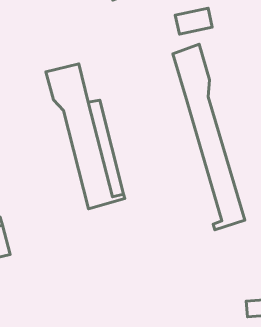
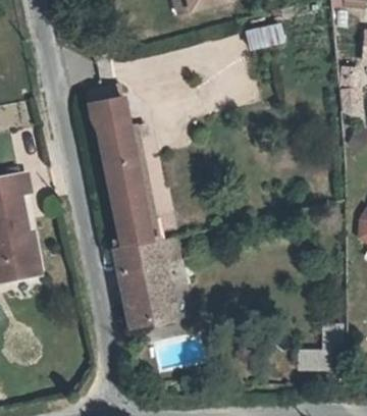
building: [173,44,245,230] -> none
building: none -> [126,241,185,323]

